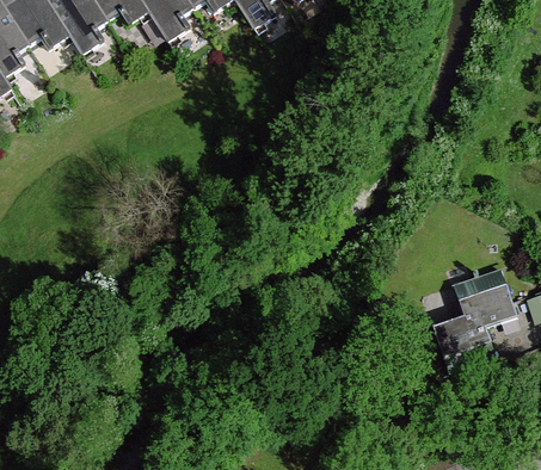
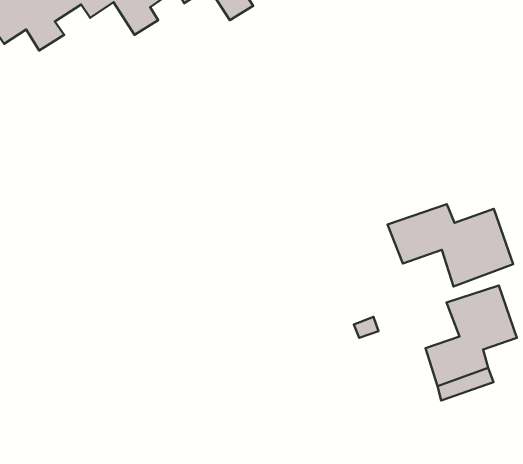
building: none -> [387,204,513,286]

